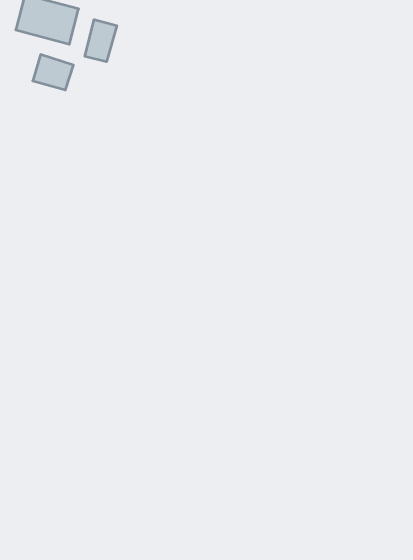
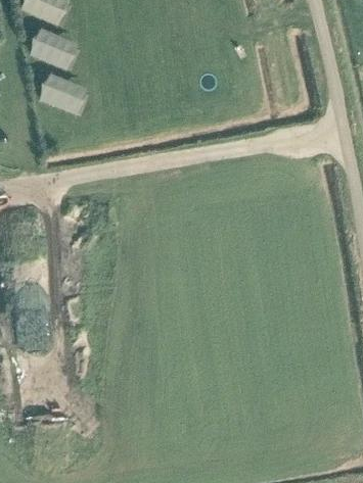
building: [85,20,117,62] -> none

